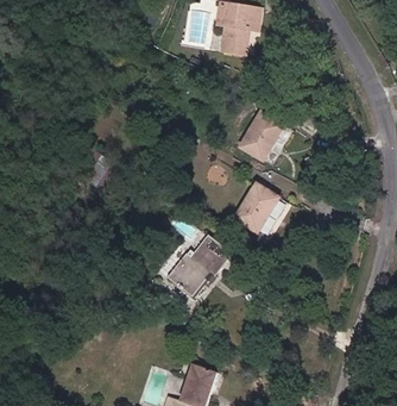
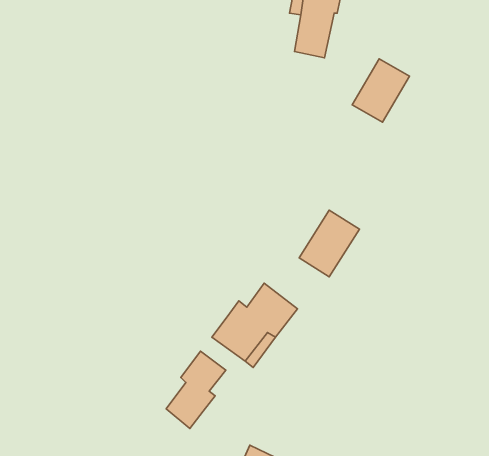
building: [234,110,277,157] -> [352,59,409,122]
building: none -> [166,351,226,428]

